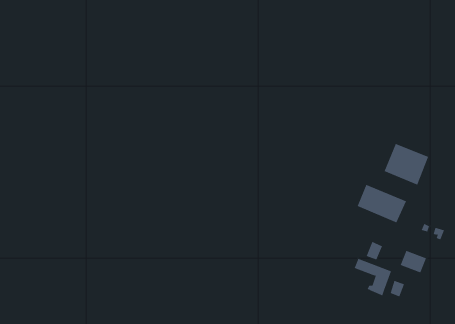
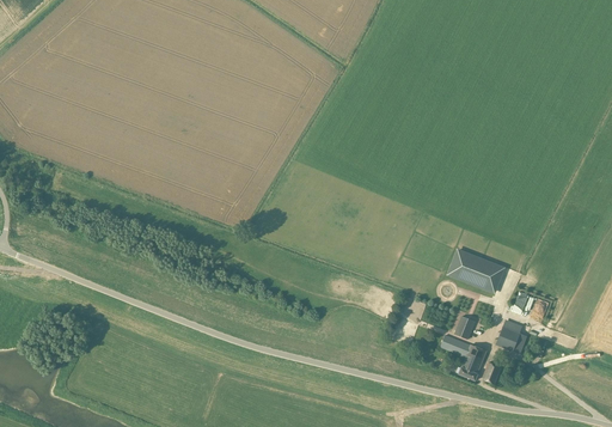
building: [384,143,429,185] -> none

